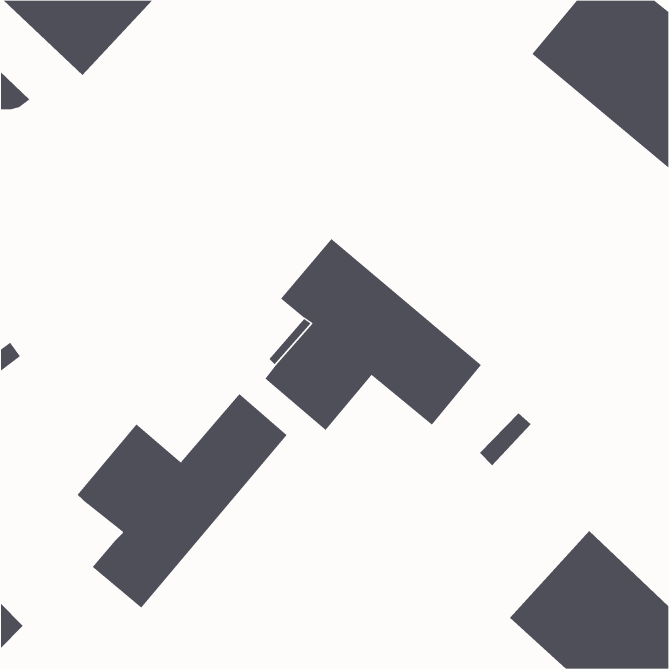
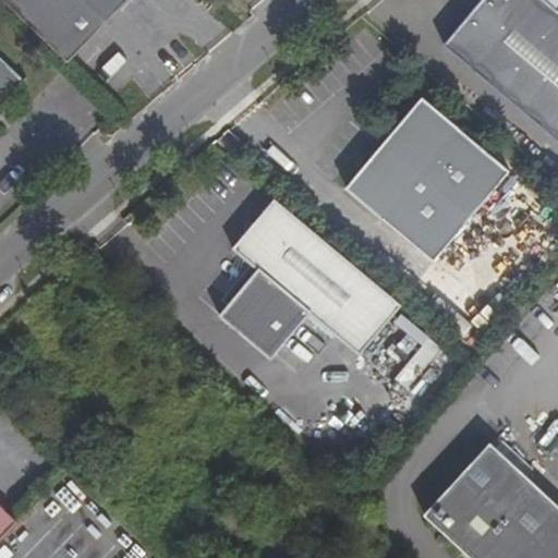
building: none -> [347,97,510,260]
building: [77,393,288,609] -> none

